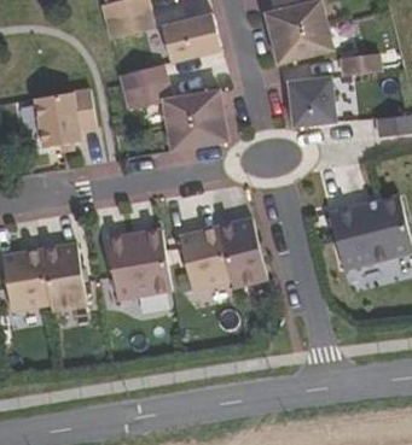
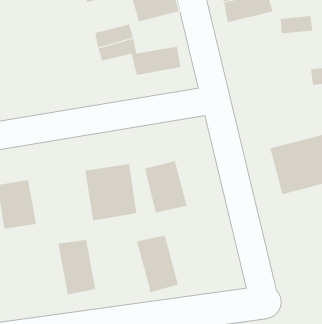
building: [289,77,336,127] -> none
building: [35,89,95,147] -> none
building: [169,116,227,151] -> none
building: [216,219,267,288] -> [136,235,179,293]
building: [41,245,87,311] -> [58,240,96,295]

